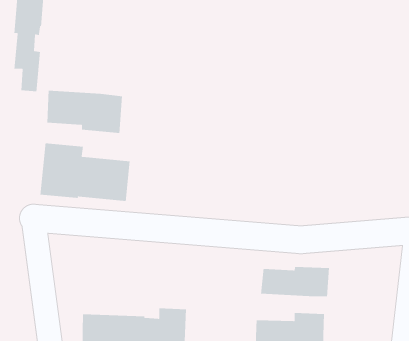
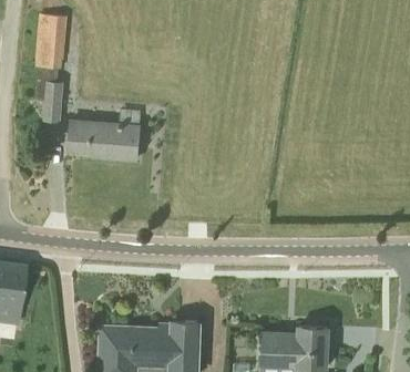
building: [39,143,130,202] -> none
building: [260,266,330,297] -> none

